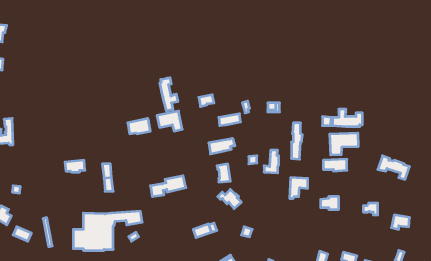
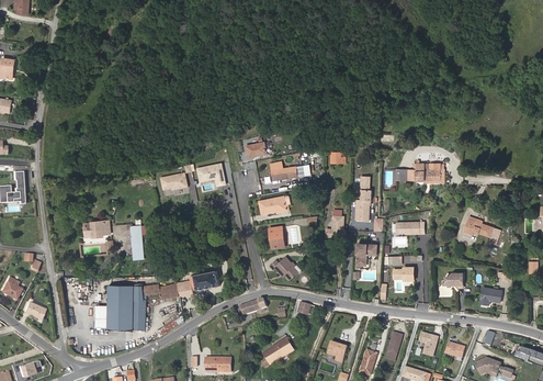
building: [160,78,178,111] -> none
building: [330,133,358,155] -> none
building: [150,176,186,197] -> [176,271,218,296]

